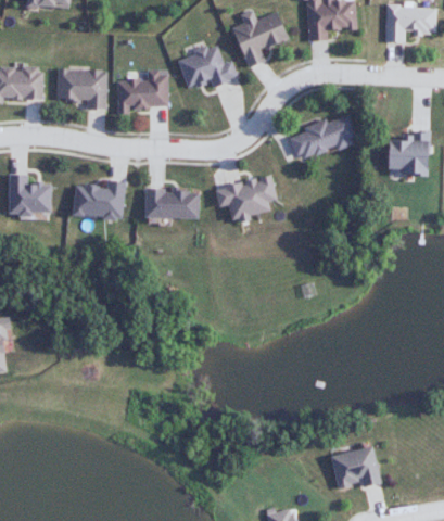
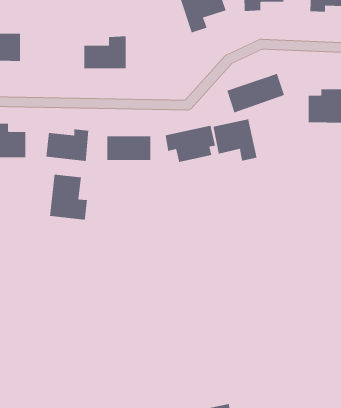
building: [179,47,238,88] -> none
building: [58,68,107,109] -> none
building: none -> [213,119,257,161]
building: none -> [49,174,87,220]
building: [329,447,380,492] -> none

